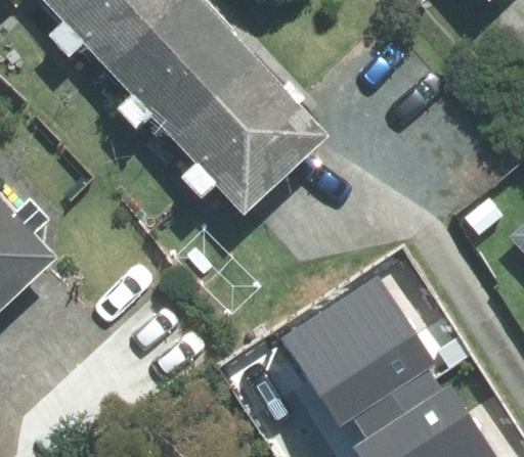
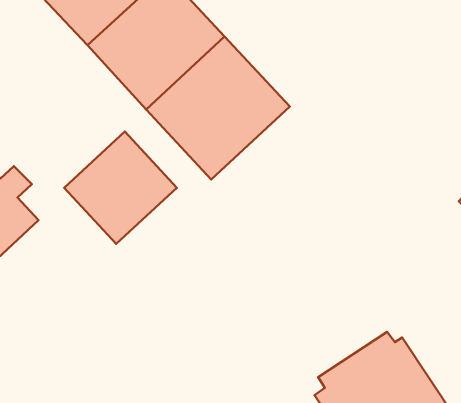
building: none -> [64,131,177,244]
building: [281,276,435,427] -> none

